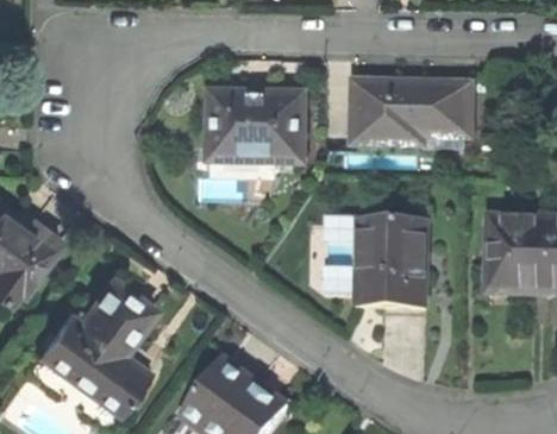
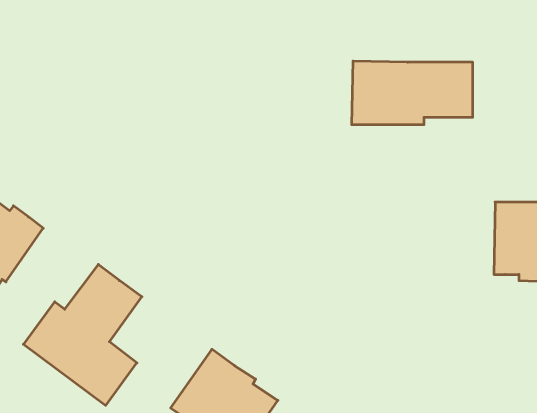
building: [211,90,305,161] -> none
building: [336,219,449,308] -> none

